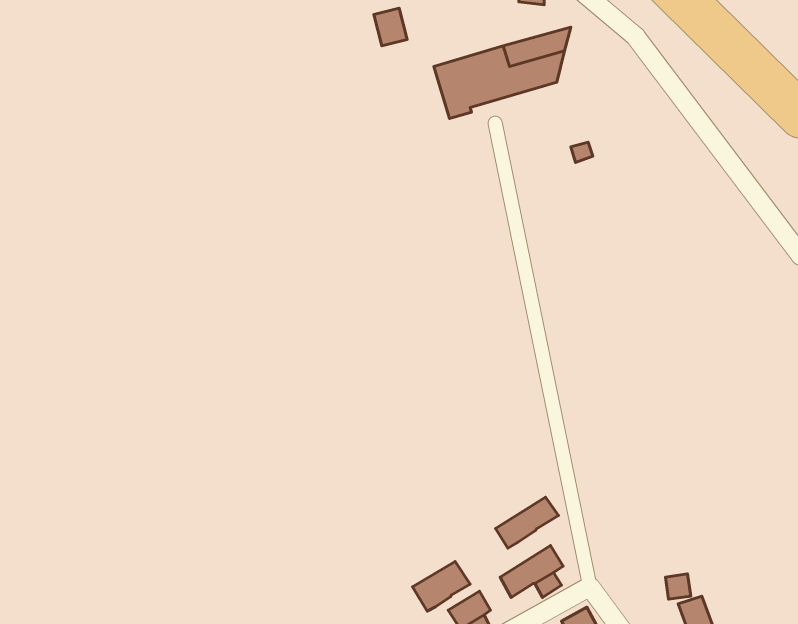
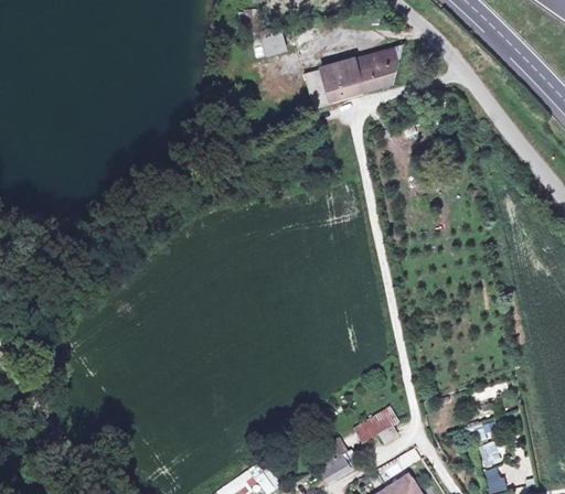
building: [495,497,559,548] -> none
building: [412,561,470,611] -> none

